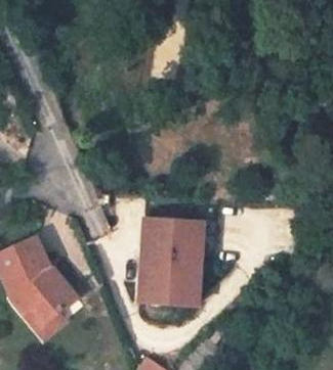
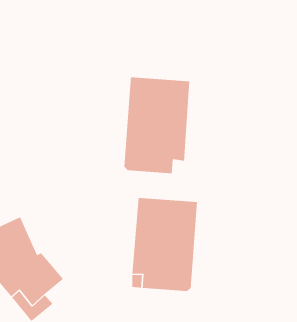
building: none -> [124,76,190,174]

